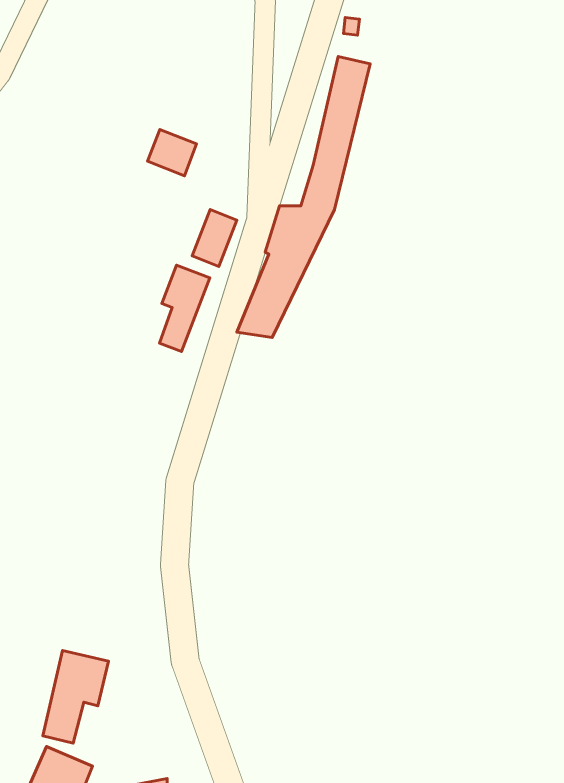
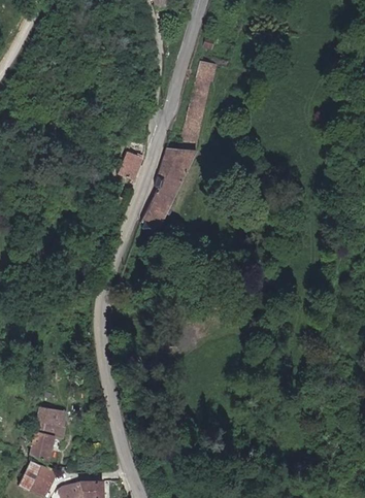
building: [148,129,197,176] -> none
building: [159,265,210,352] -> none

